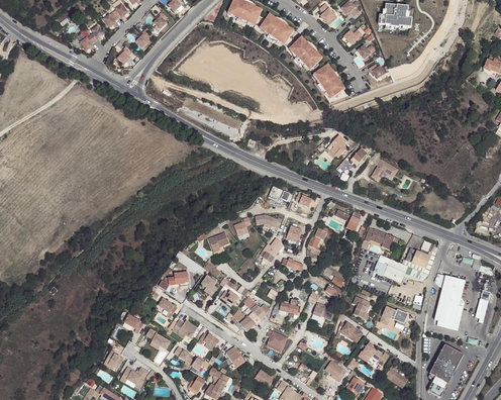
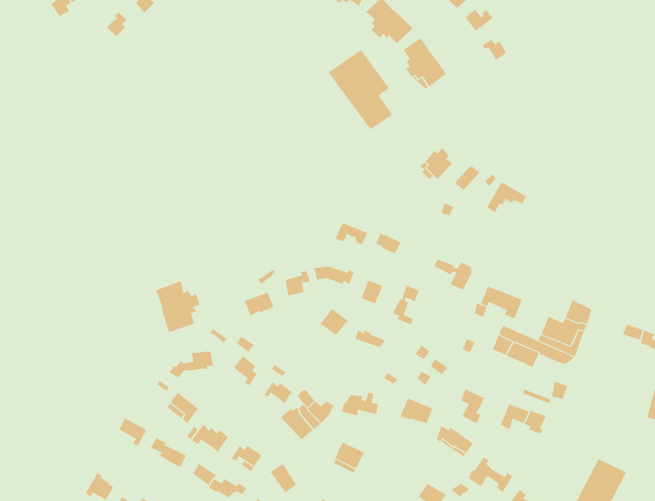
building: none -> [328,49,393,130]
building: none -> [155,280,200,333]
building: [432,274,464,330] -> none

